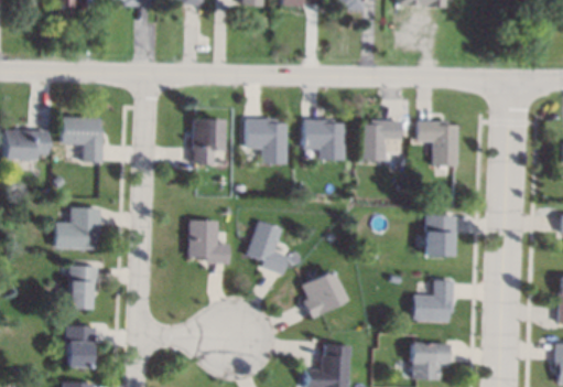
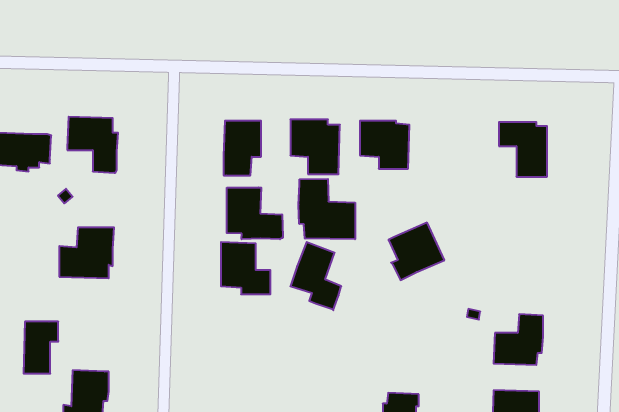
building: [360,119,402,161] -> none
building: none -> [299,179,355,239]
building: none -> [227,187,283,239]
building: [427,215,456,256] -> none
building: [68,266,97,309] -> [24,322,58,374]
building: [301,268,347,315] -> [388,223,444,280]

